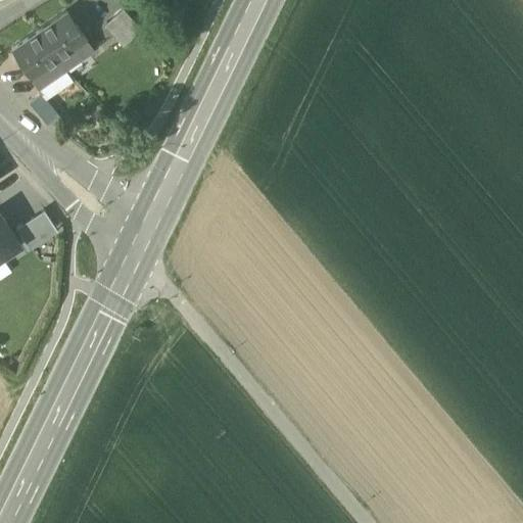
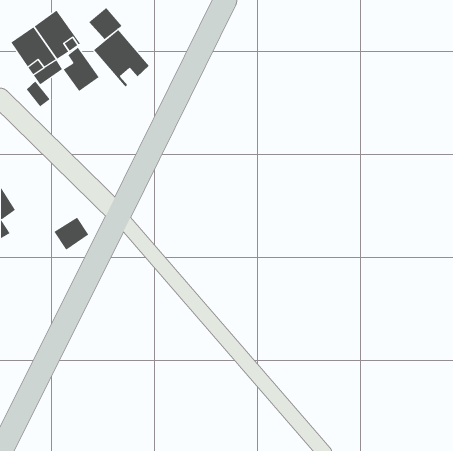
building: none -> [93,29,150,88]
building: none -> [63,47,99,92]
building: [15,211,56,250] -> [54,217,89,250]

